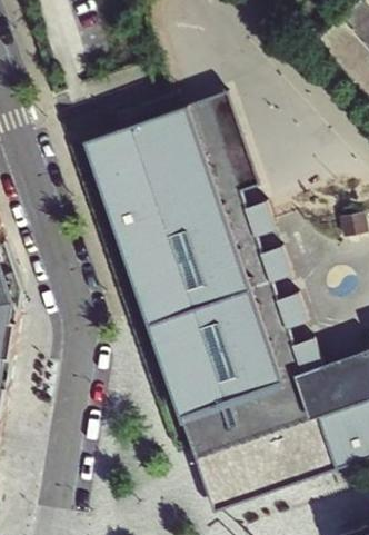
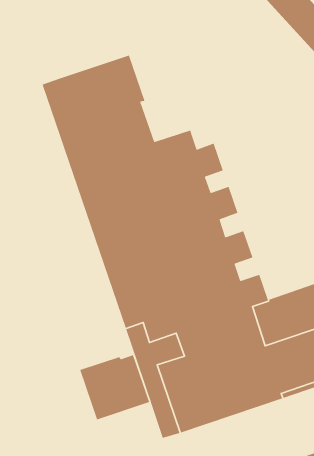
building: [172,90,256,199] -> none
building: none -> [79,354,150,421]

